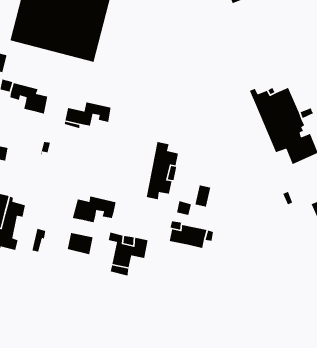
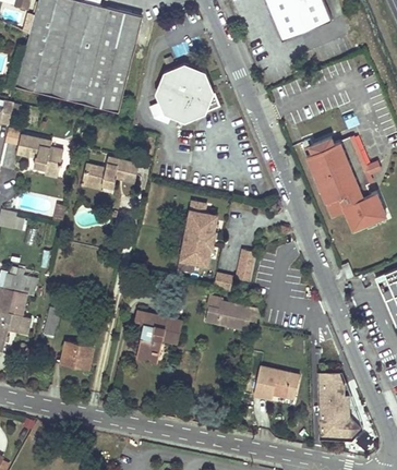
building: none -> [155,64,218,123]
building: [72,196,116,223] -> none
building: [67,232,93,255] -> [60,342,92,370]
building: none -> [252,367,298,399]
building: none -> [317,372,365,439]

